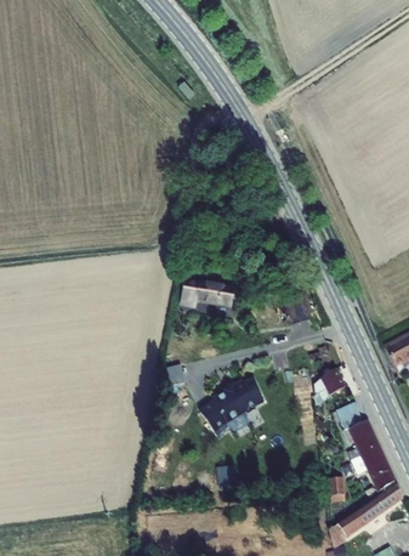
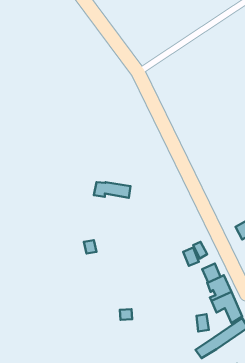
building: [204,388,267,443] -> none

